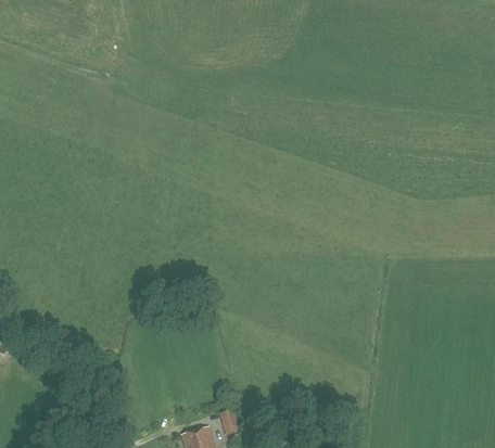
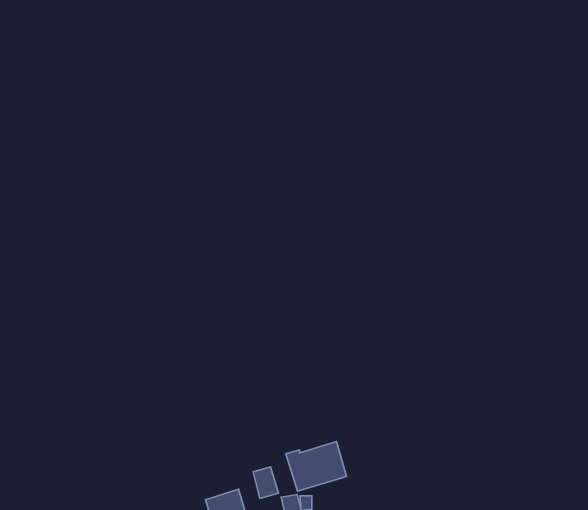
building: none -> [286,442,347,491]

